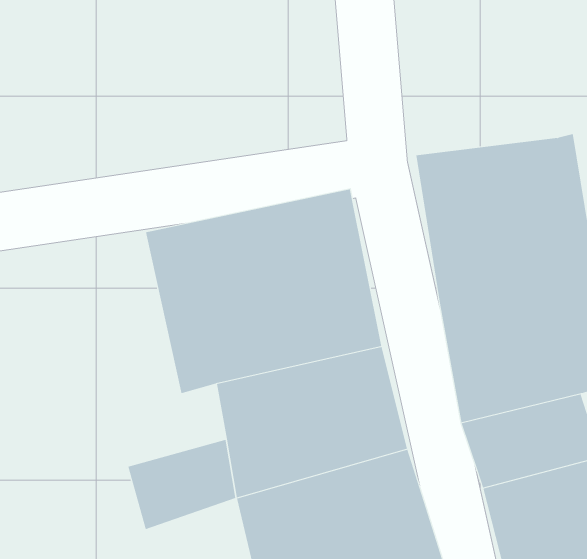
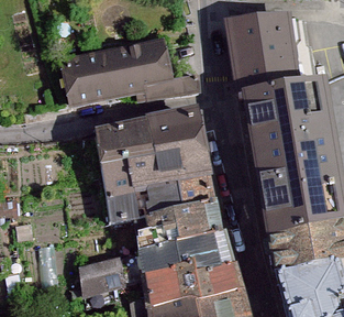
building: none -> [228,15,317,88]
building: none -> [60,35,185,105]

